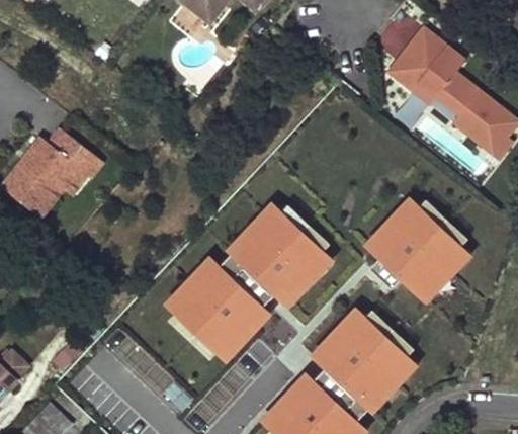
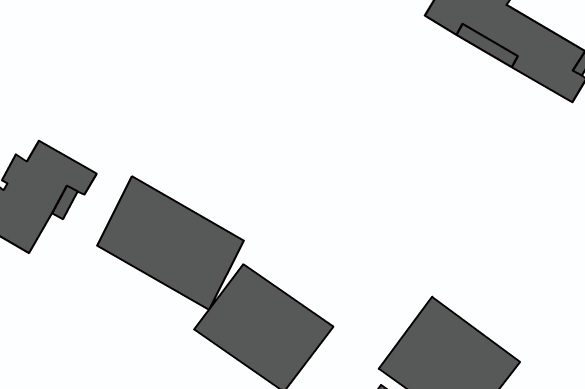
building: none -> [97,176,244,310]
building: [362,191,476,303] -> none
building: [224,197,337,309] -> none

